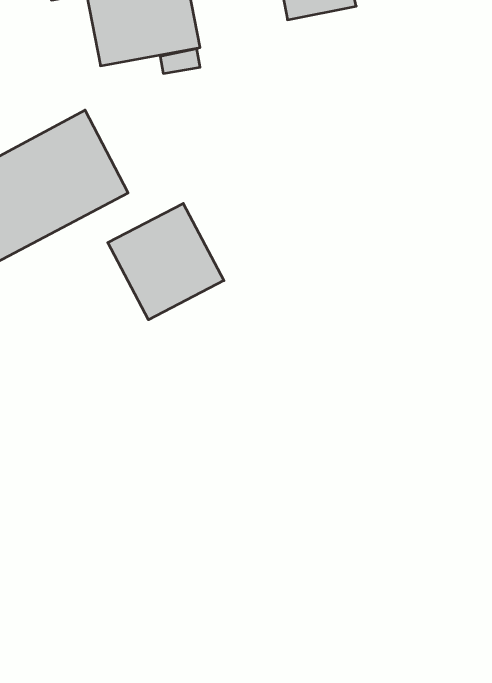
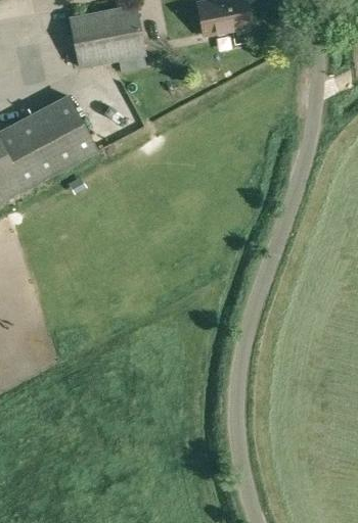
building: [108,203,224,320] -> none

